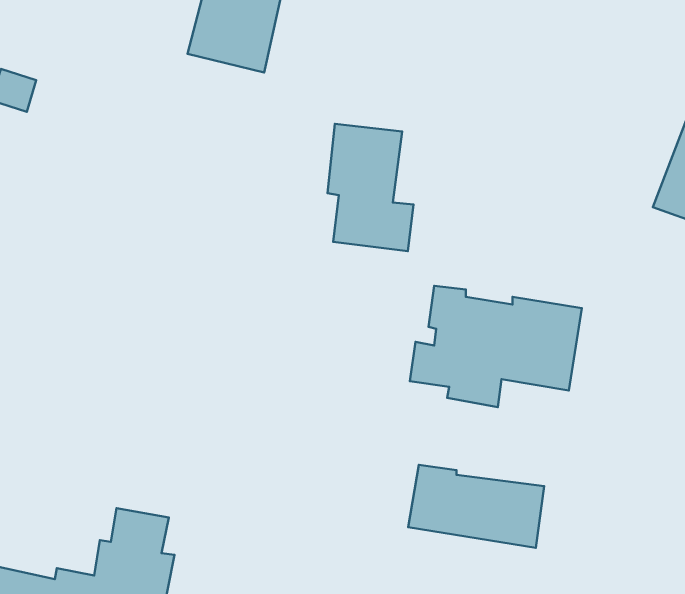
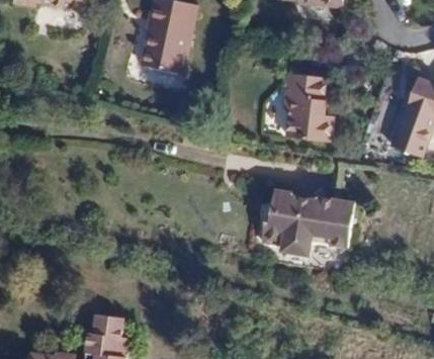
building: [328,124,413,251] -> [285,74,332,143]
building: [408,465,544,548] -> none

